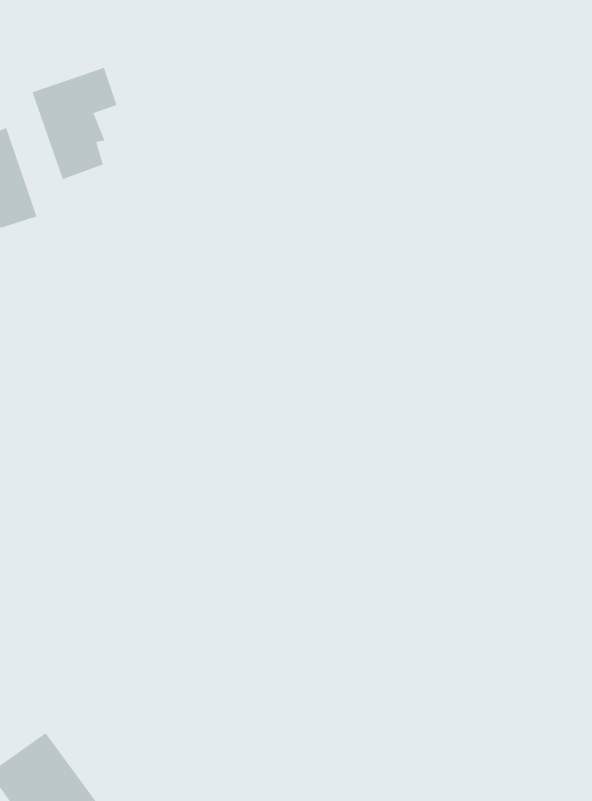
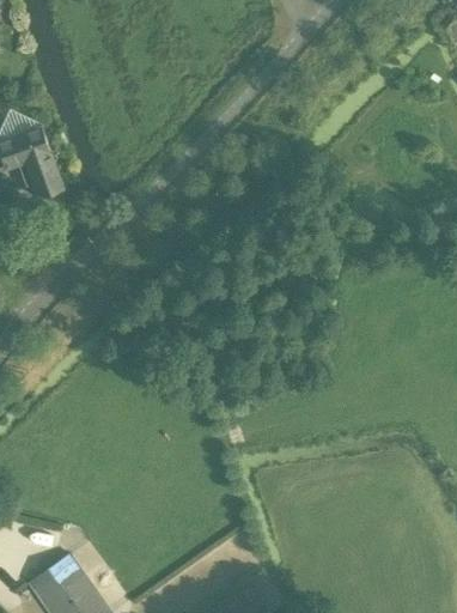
building: [32,67,117,180] -> none

